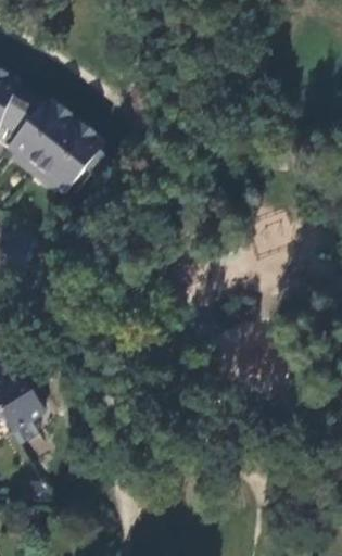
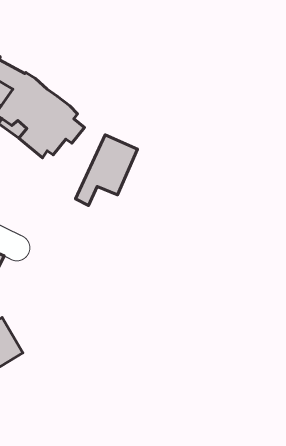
building: none -> [76,135,137,206]

